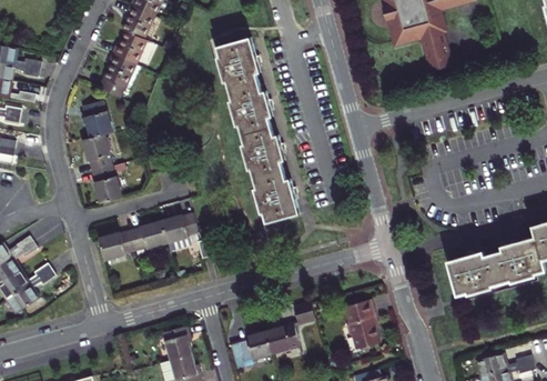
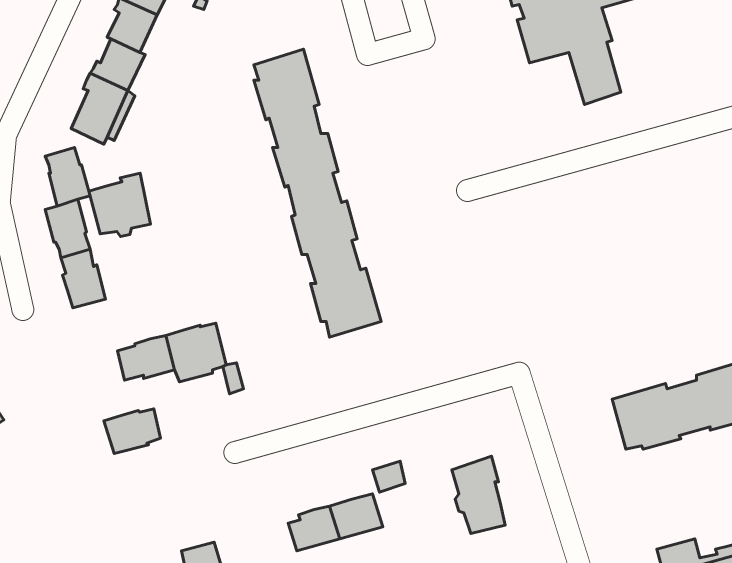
building: none -> [89,173,151,236]
building: [97,232,133,261] -> [104,409,161,454]
building: [161,327,191,361] -> none

